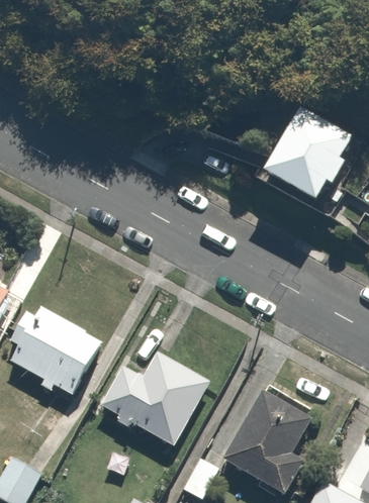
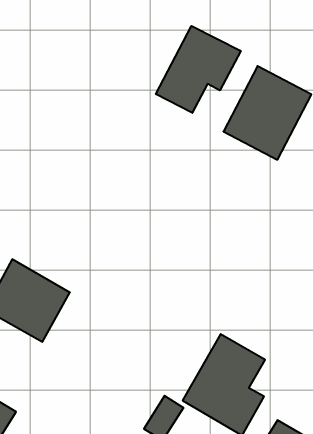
building: none -> [156,26,241,113]
building: [98,351,209,446] -> none

